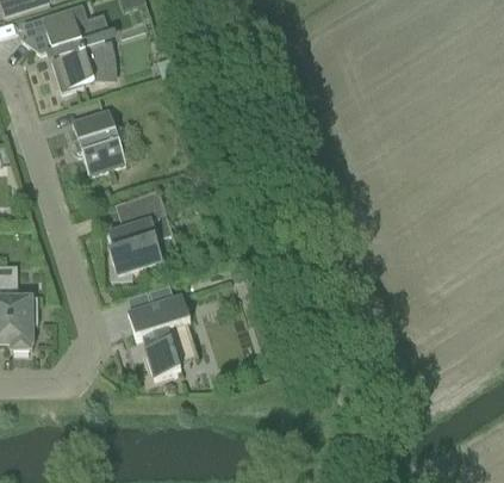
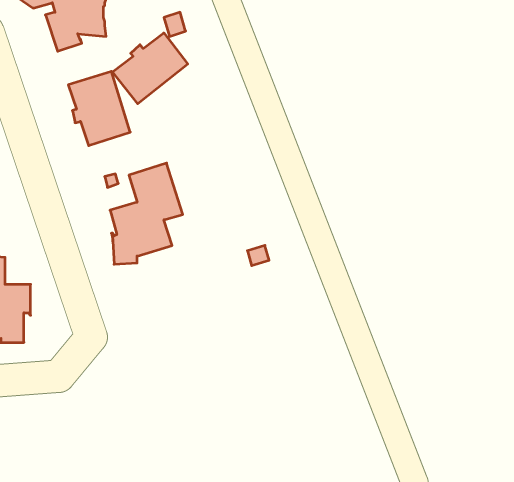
building: none -> [113,33,188,104]
building: [126,290,194,377] -> none

